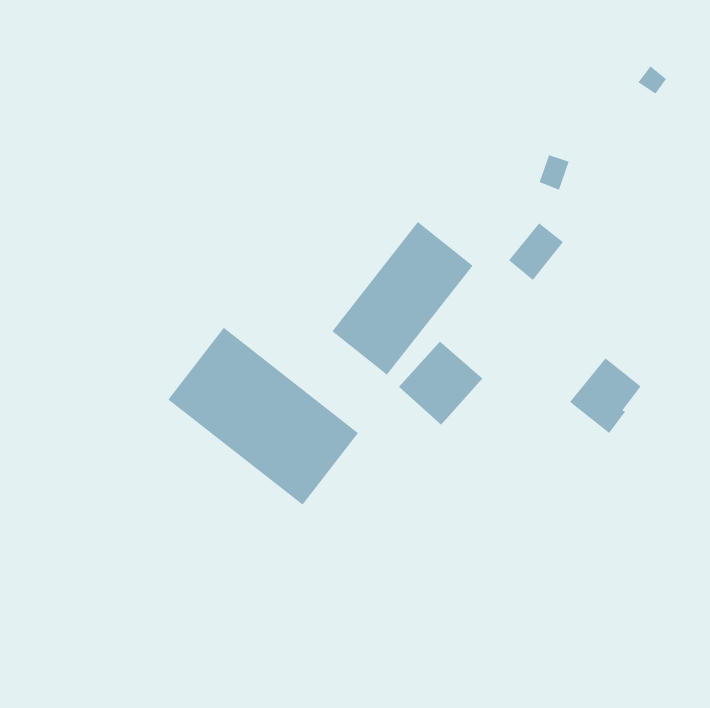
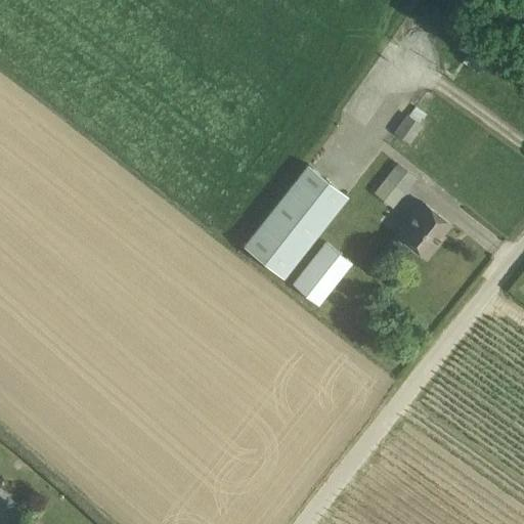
building: [168,327,359,506] -> none
building: [569,357,641,434] -> [396,204,449,260]

